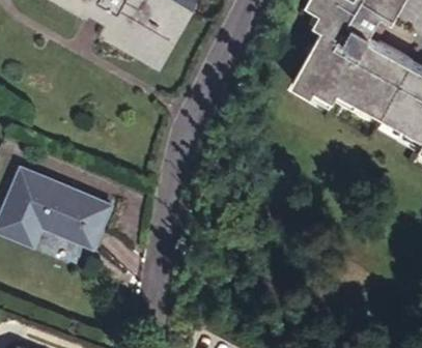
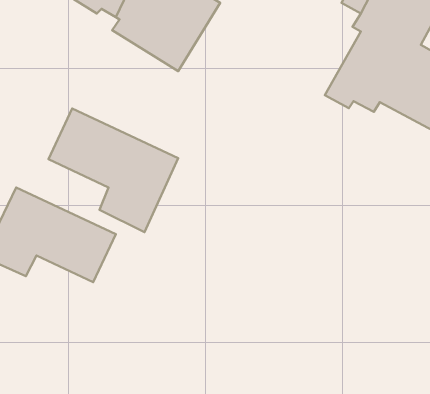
building: none -> [49,109,178,232]

